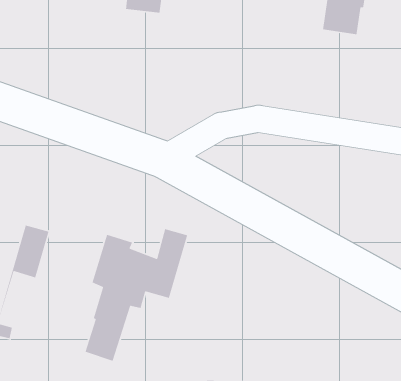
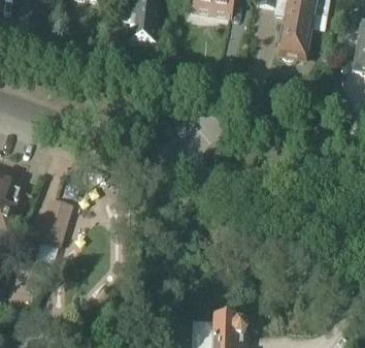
building: [85,228,188,362] -> none

